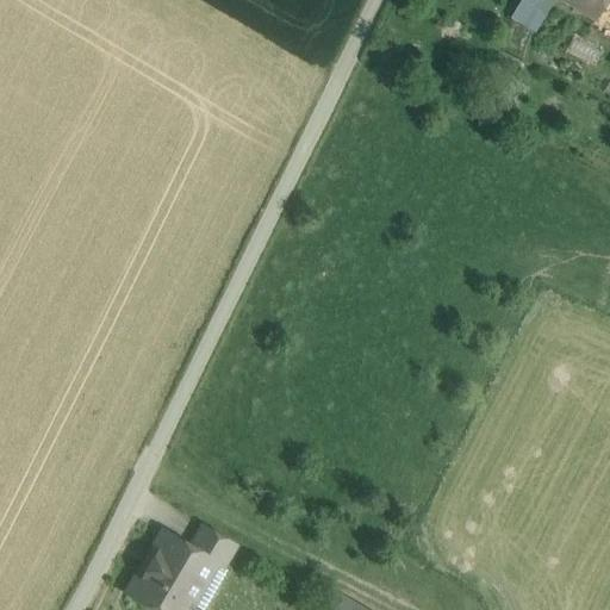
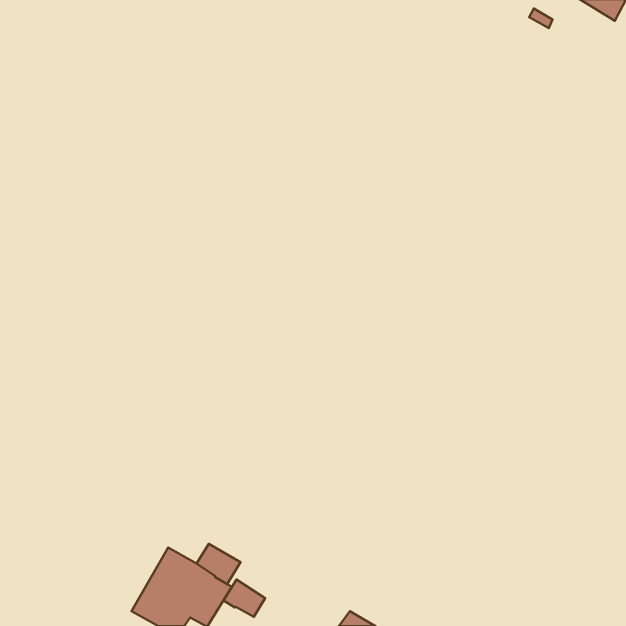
building: none -> [224,579,265,617]

